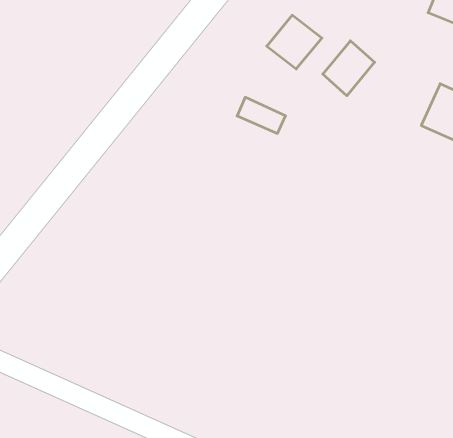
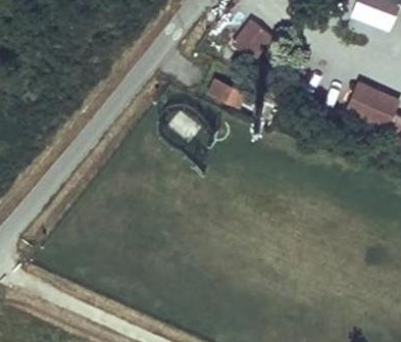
building: [323,41,375,96] -> none

